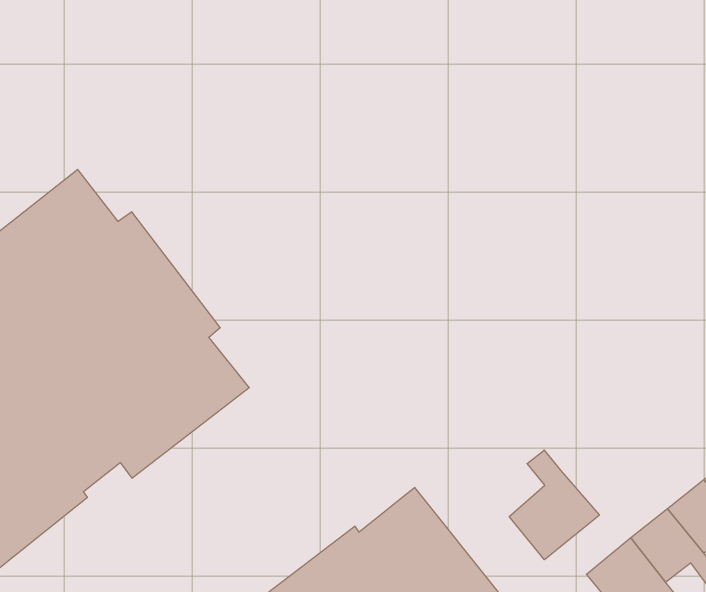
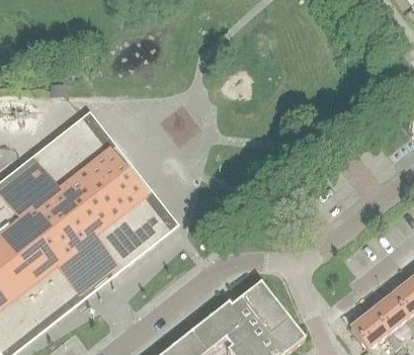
building: [509,450,599,560] -> none

